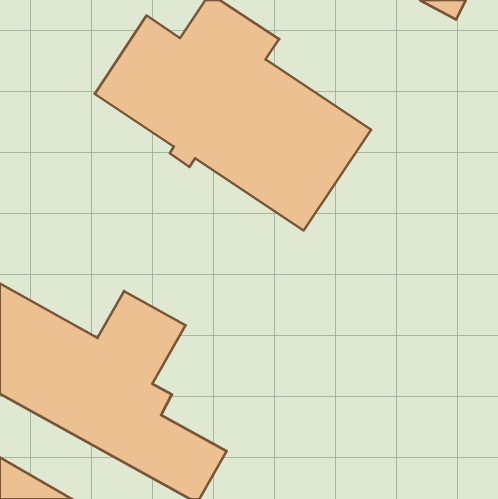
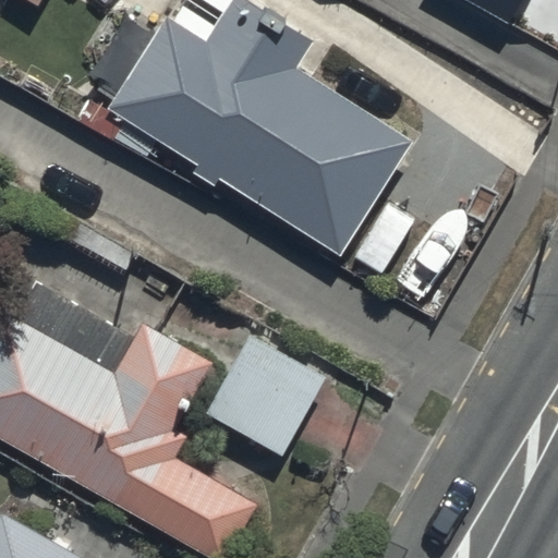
building: none -> [202,333,324,454]

